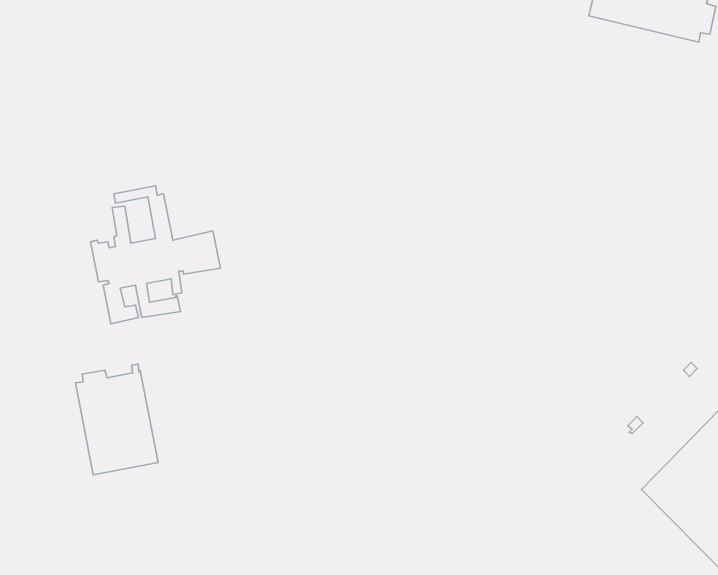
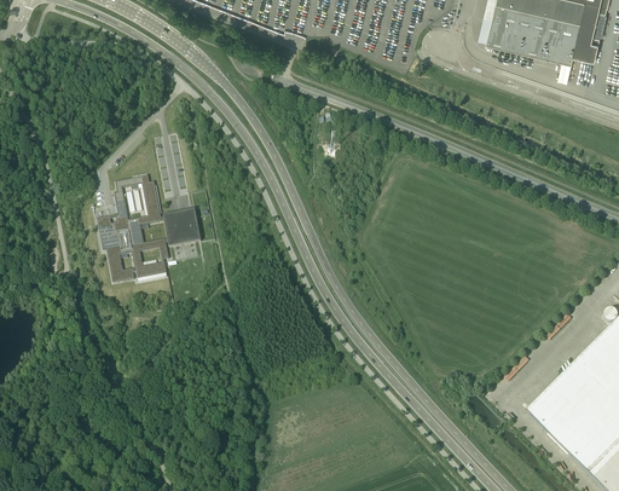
building: [75,364,158,475] -> none

